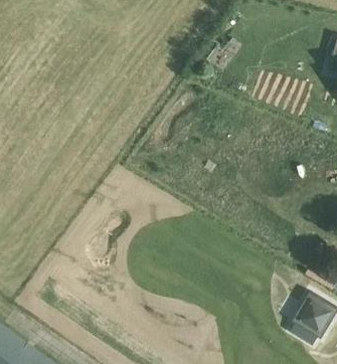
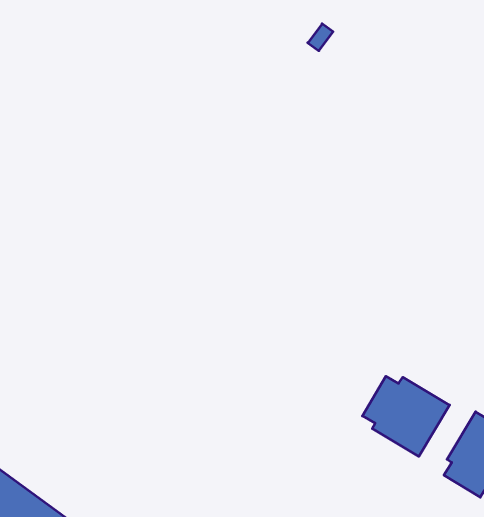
building: none -> [362,376,450,456]

